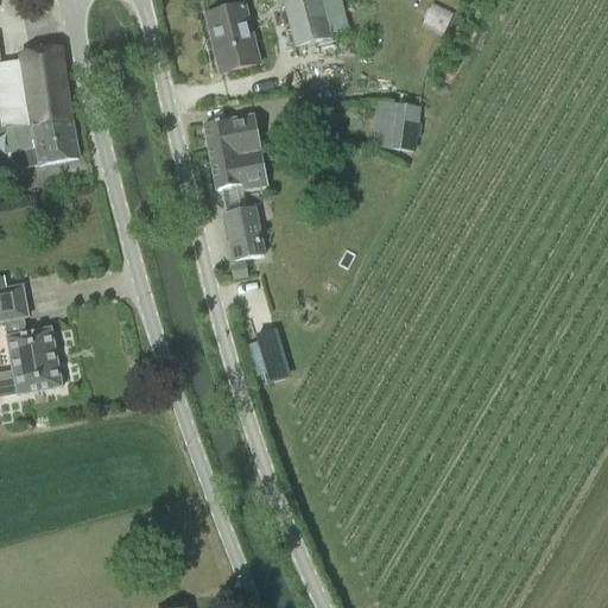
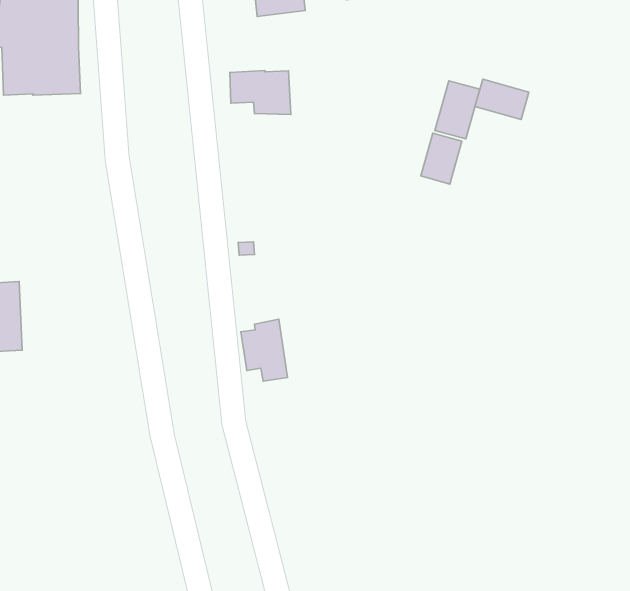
building: none -> [475,79,529,119]
building: [209,144,267,258] -> none
building: none -> [421,133,462,184]

